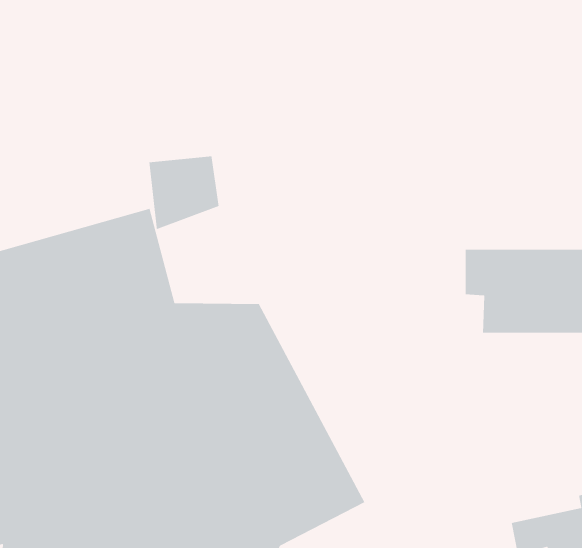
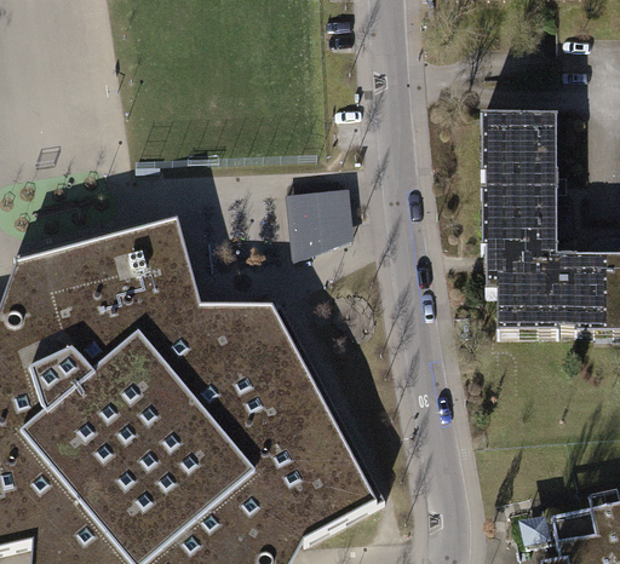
building: none -> [481,111,563,255]
building: [149,155,219,230] -> [286,190,355,263]

